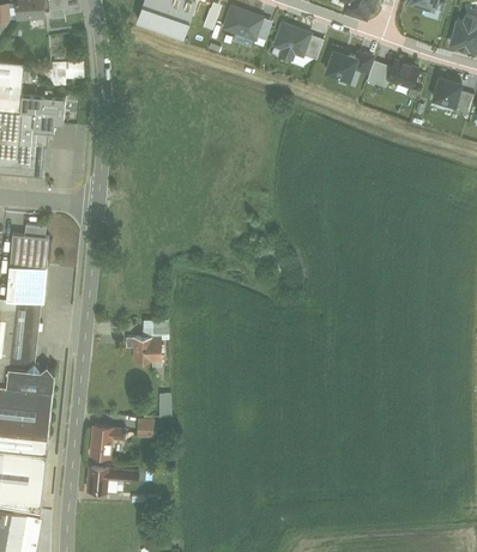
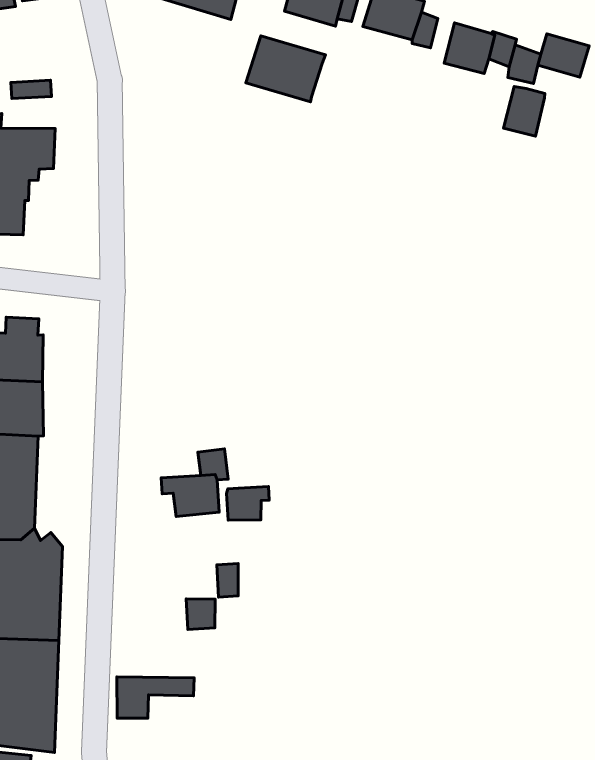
building: none -> [246,36,326,102]
building: none -> [504,86,545,136]
building: none -> [227,487,269,520]
building: [84,424,122,457] -> none

